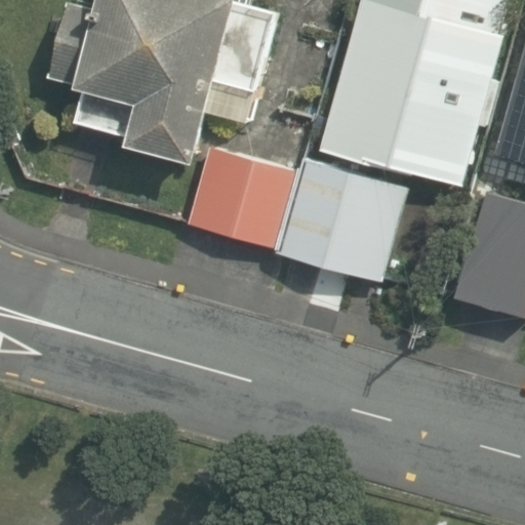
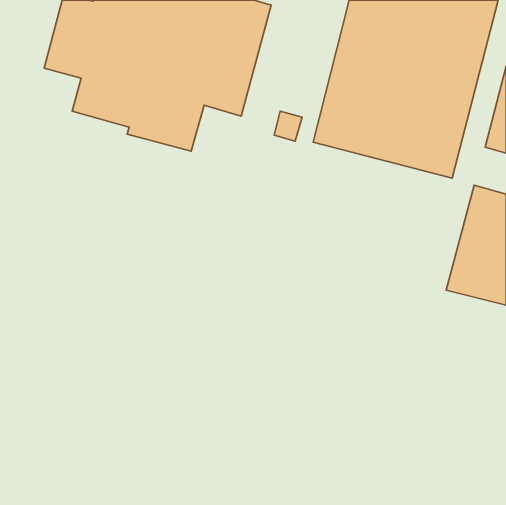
building: [186,143,292,241] -> none
building: [276,154,406,281] -> none

